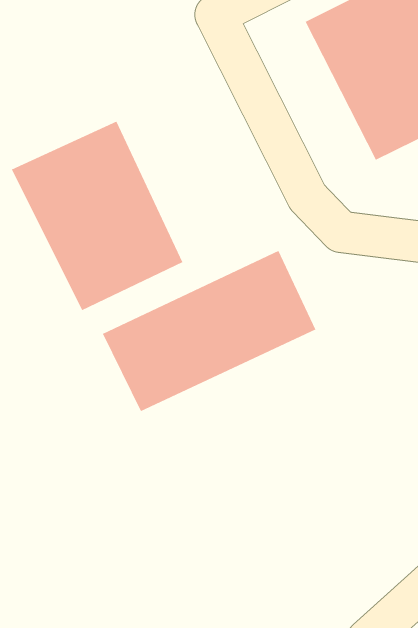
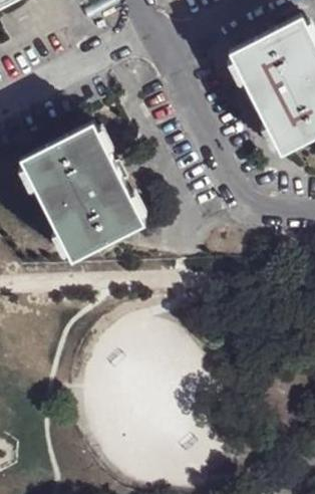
building: [102,250,317,412] -> none

